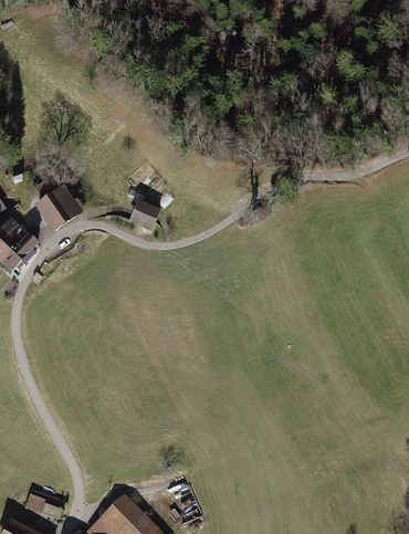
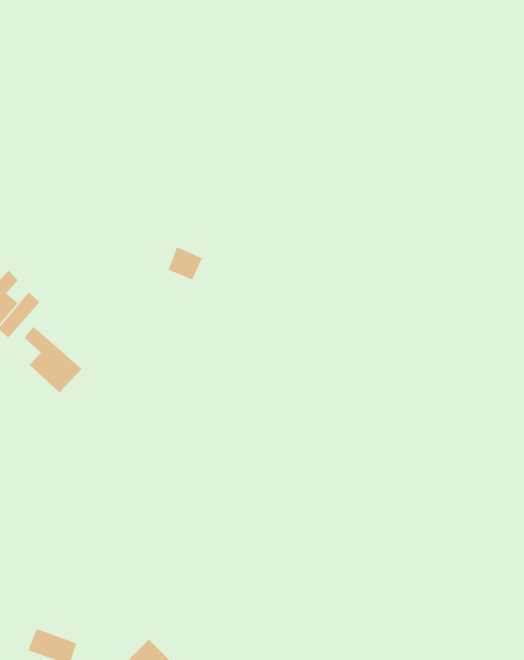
building: [38,188,80,230] -> none
building: none -> [24,326,82,393]

